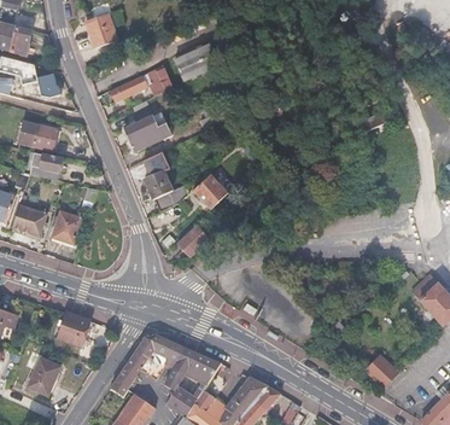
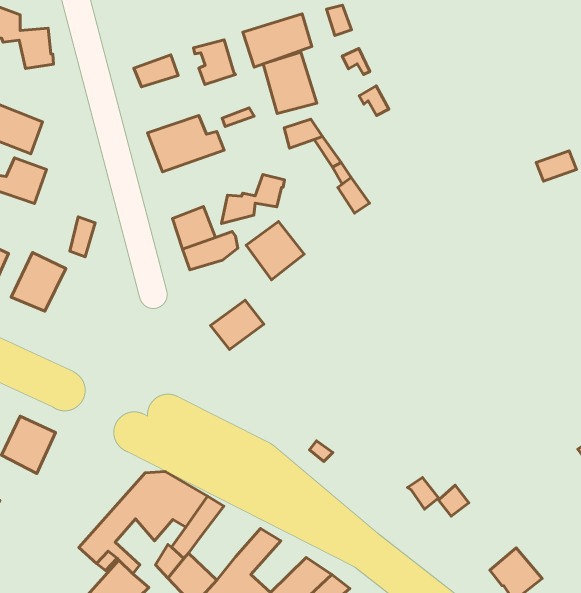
building: none -> [263,52,317,114]
building: none -> [221,175,285,224]
building: [185,351,221,382] -> none

